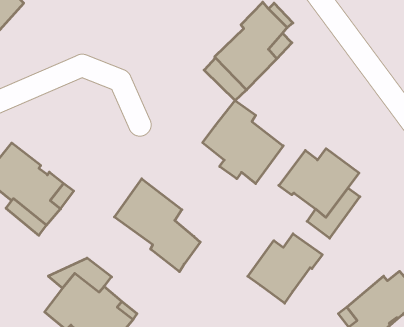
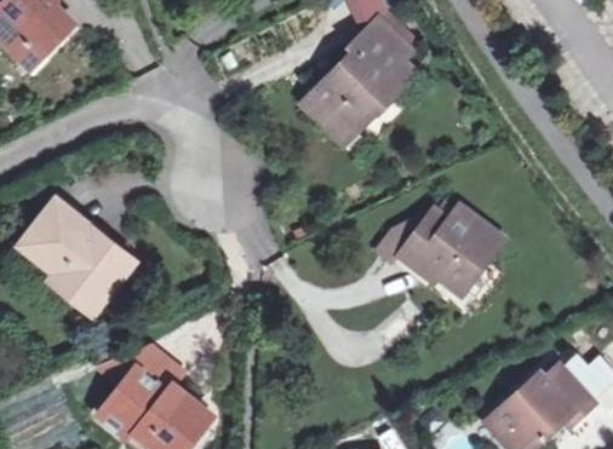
building: [203,100,283,184] -> none
building: [114,179,200,272] -> none
building: [248,234,322,303] -> none

